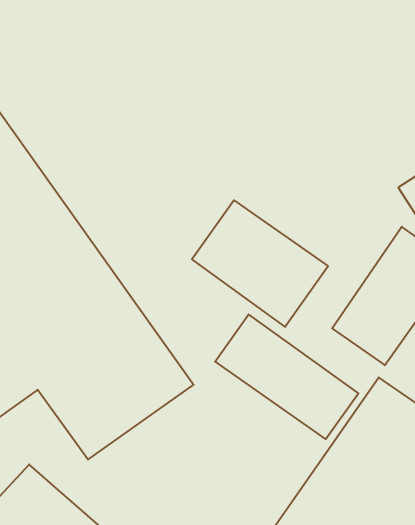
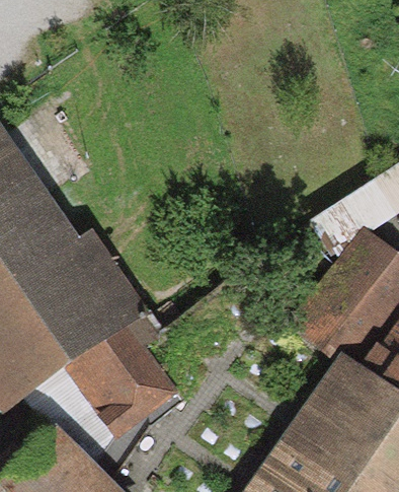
building: [192,200,328,327] -> none
building: [215,314,358,439] -> none

